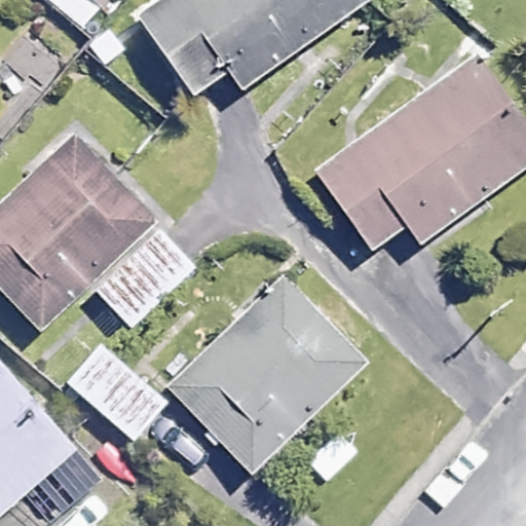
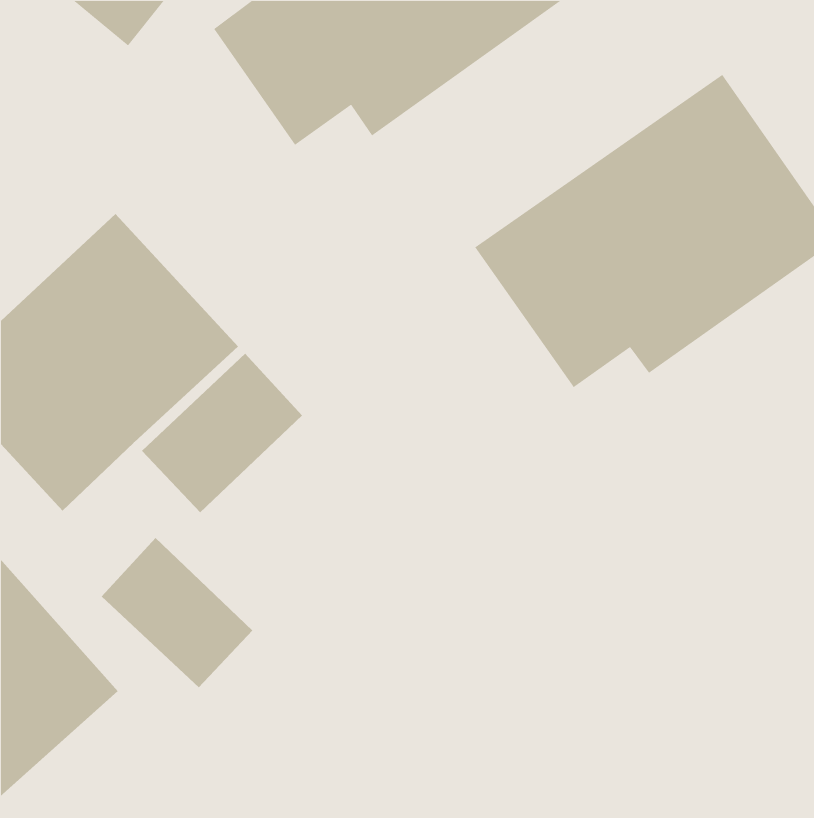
building: [172,278,365,471] -> none

